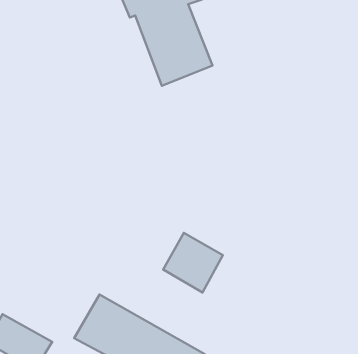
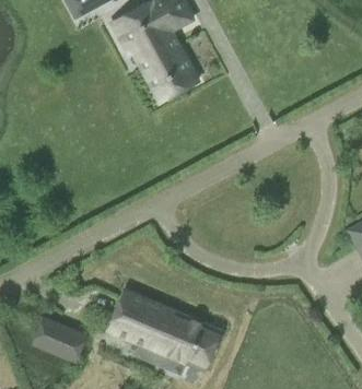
building: [163,233,223,293] -> none

